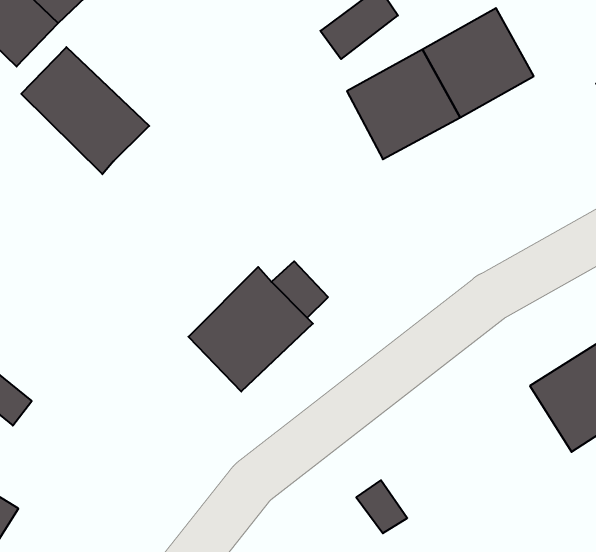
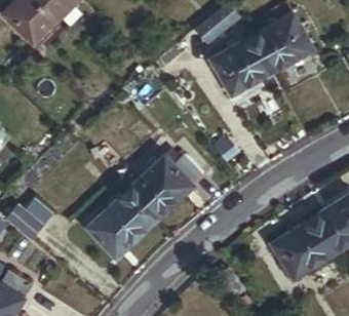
building: [21,47,149,174] -> none
building: none -> [88,192,155,258]
building: none -> [272,219,335,280]

